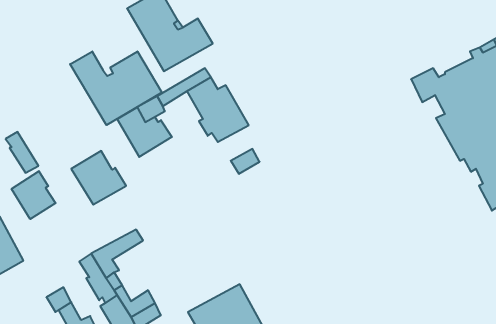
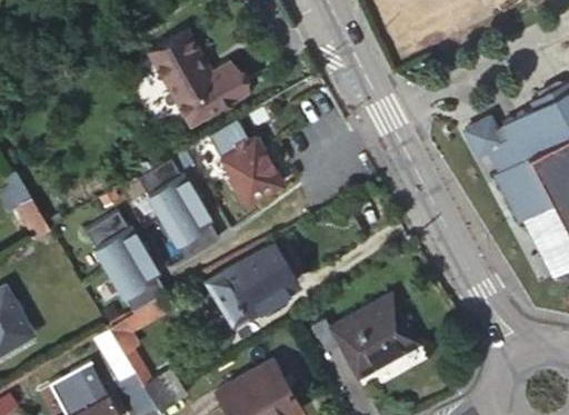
building: [70,51,162,125] -> none
building: none -> [161,197,218,259]
building: [12,171,56,219] -> none
building: none -> [207,243,297,323]
building: none -> [110,251,167,314]
building: none -> [312,294,420,378]

